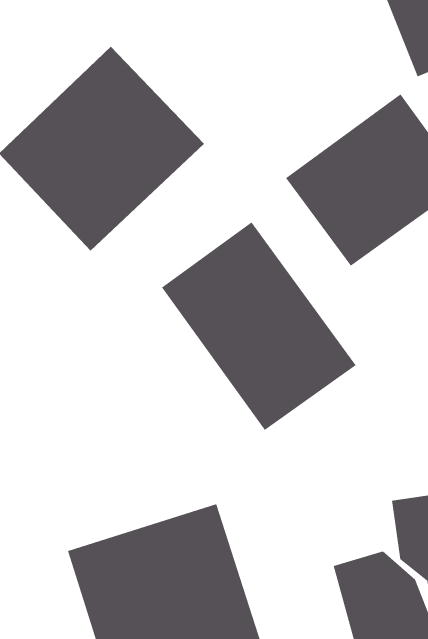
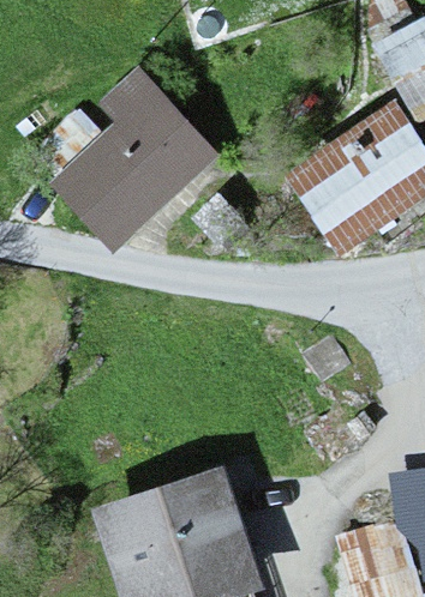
building: [161,222,357,431] -> none

